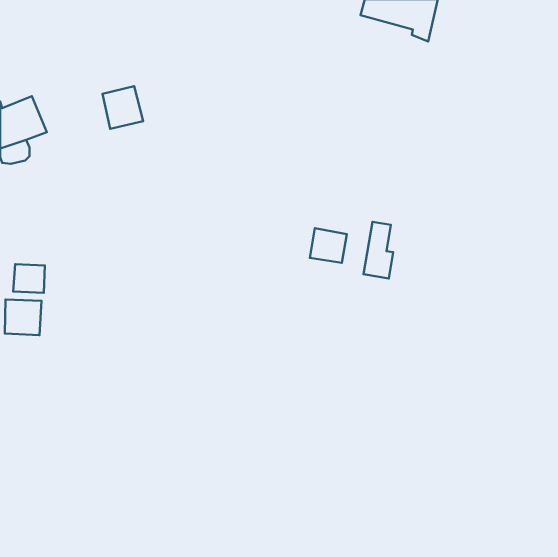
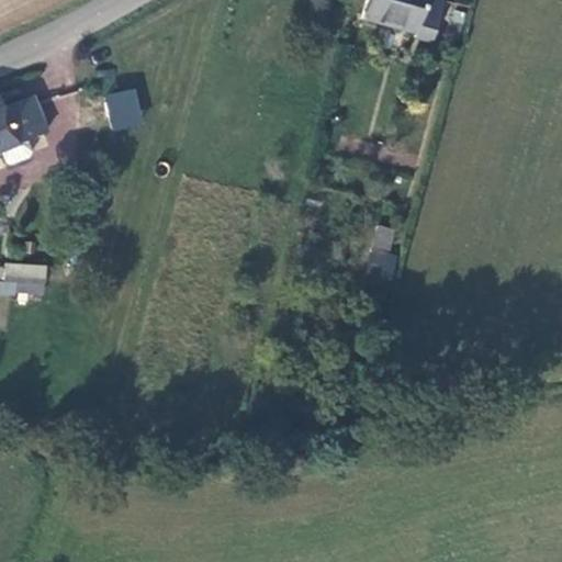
building: [310,228,347,263] -> none
building: [5,300,41,335] -> none

